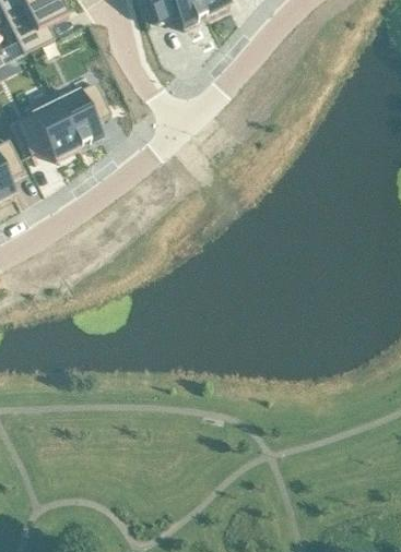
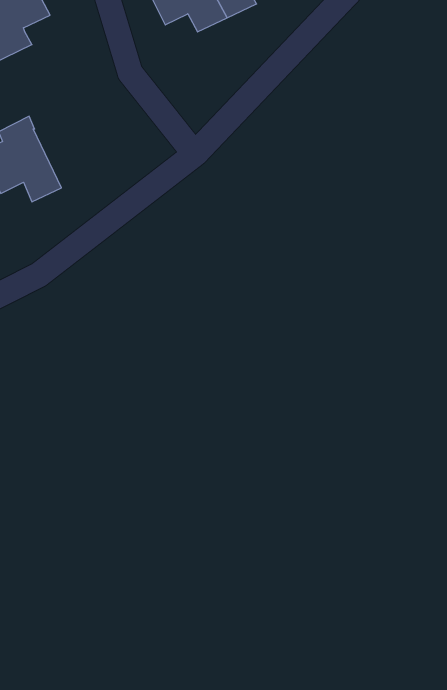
building: [51,81,107,148] -> none

